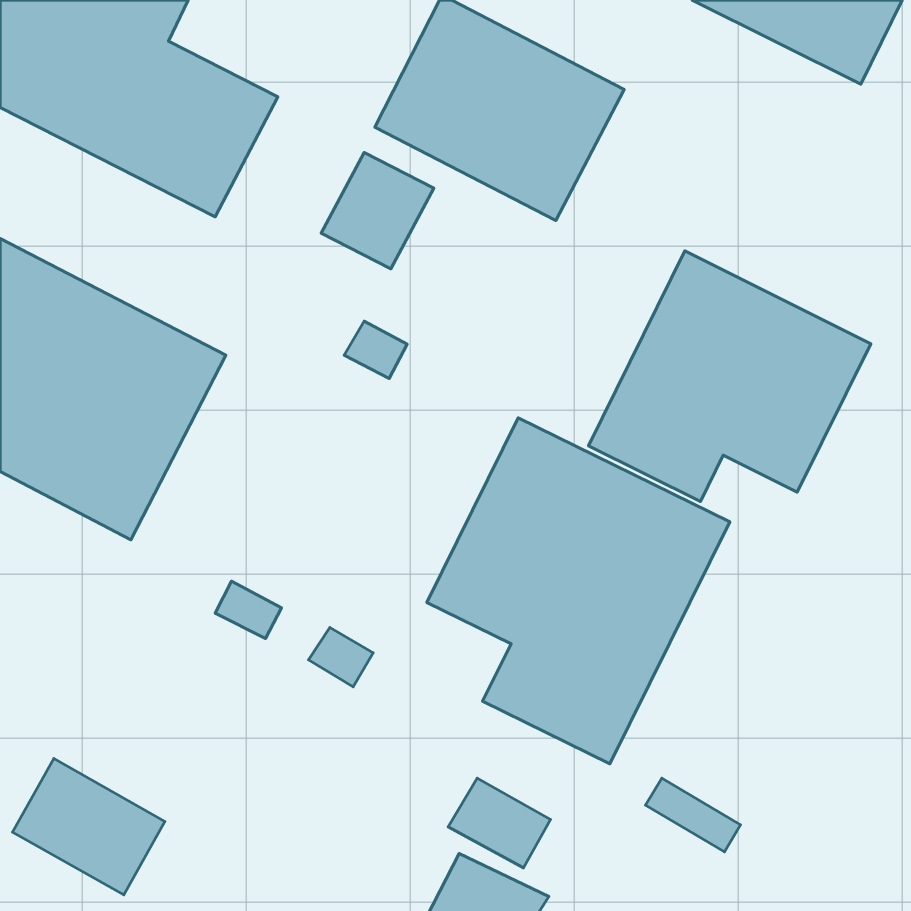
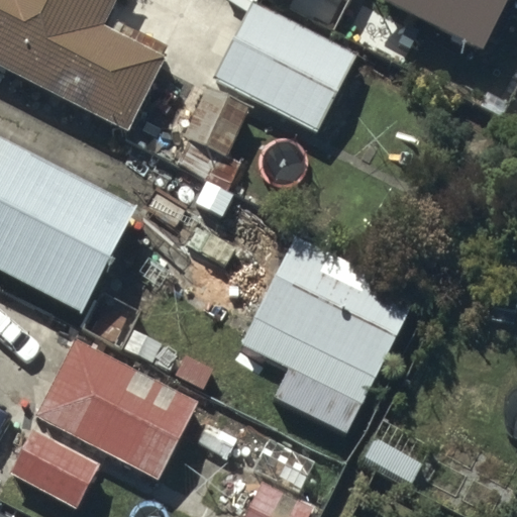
building: [588,251,871,502] -> none
building: none -> [34,341,194,479]

